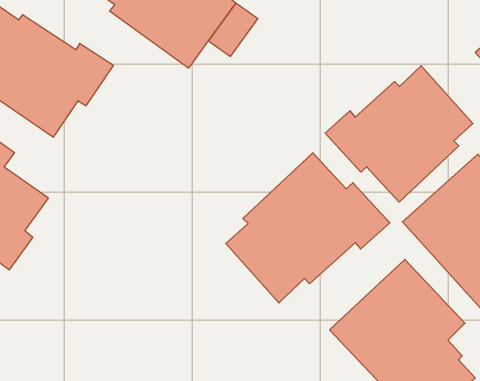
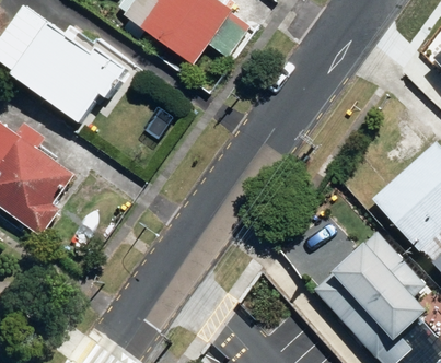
building: [325,66,473,202] -> none
building: [226,153,390,303] -> none

